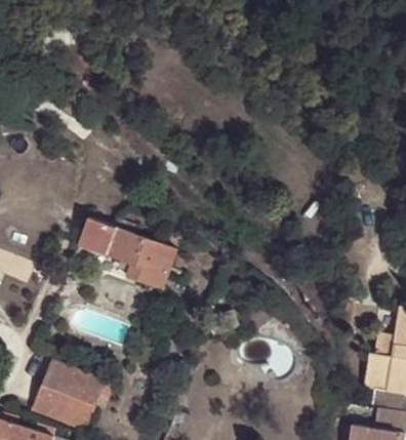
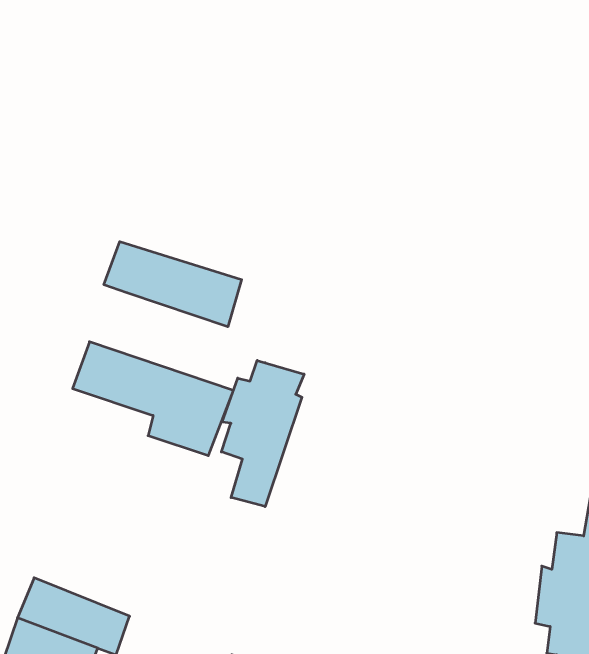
building: none -> [104,242,242,327]
building: none -> [221,360,304,507]

